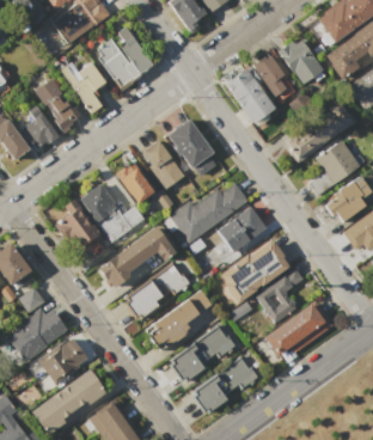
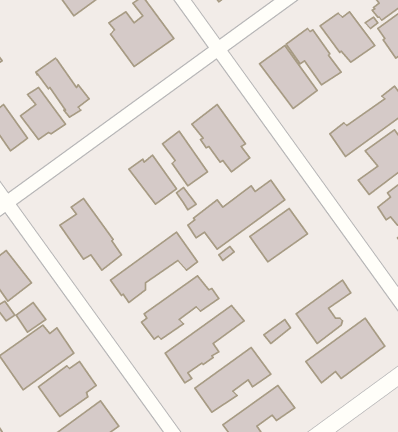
building: [61,61,106,112] -> none
building: [81,184,145,243] -> none
building: [221,239,291,302] -> none

